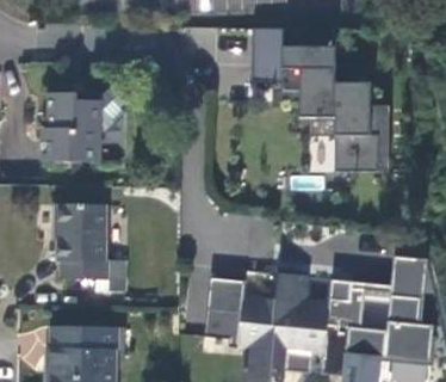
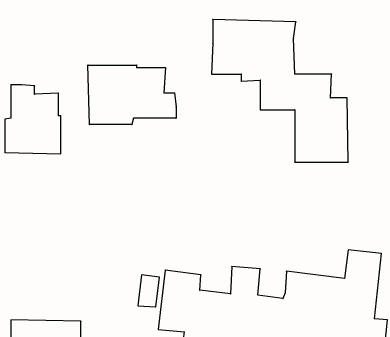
building: none -> [88,65,176,125]
building: [55,205,128,282] -> none

